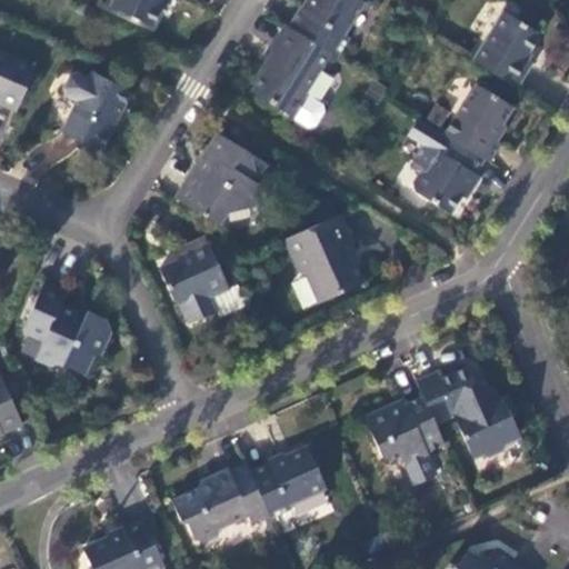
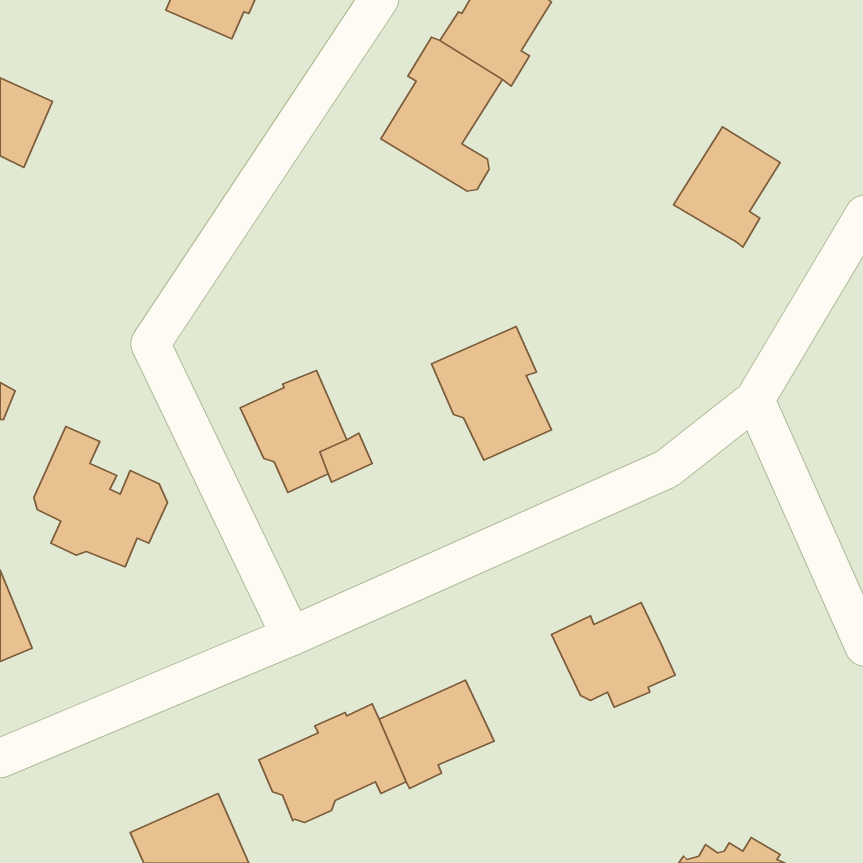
building: [472,11,538,88] -> none
building: [58,71,132,152] -> none
building: [408,118,485,213] -> none
building: [177,133,269,224] -> none
building: [416,367,520,459] -> none

